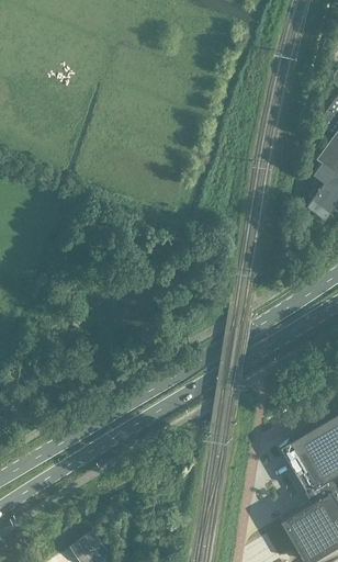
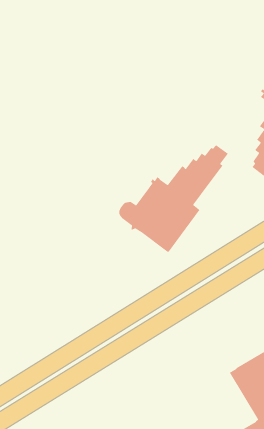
building: none -> [118,144,229,253]

